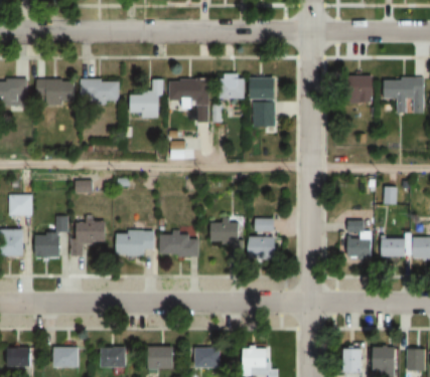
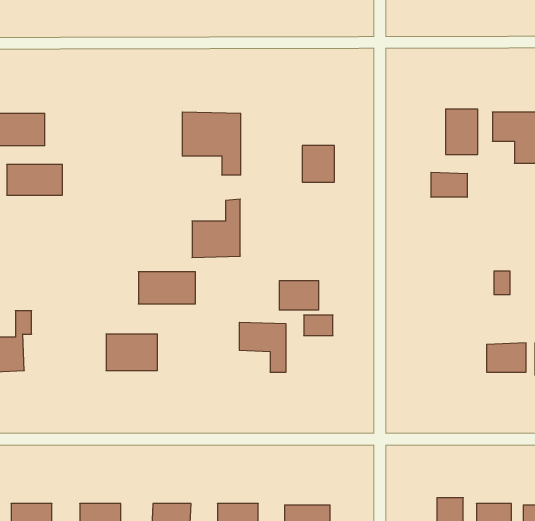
building: [221,73,245,99] -> none
building: [250,77,277,99] -> none
building: [129,78,162,119] -> [192,199,240,258]
building: [82,79,120,101] -> [7,164,62,195]
building: none -> [431,172,467,197]
building: [69,221,107,257] -> none
building: [346,231,372,258] -> none
building: [160,235,199,257] -> [138,272,195,304]
building: [250,237,277,257] -> [279,281,319,310]

